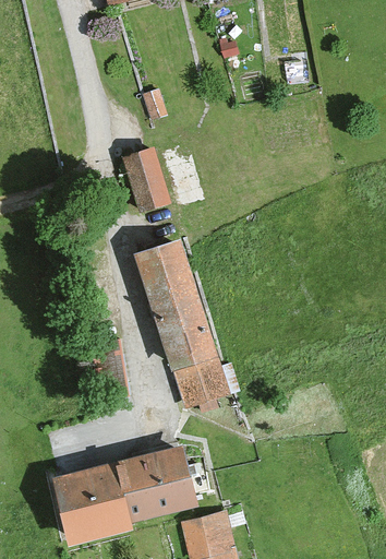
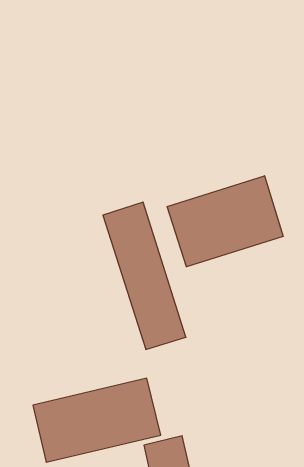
building: [122,148,170,213] -> none
building: none -> [167,176,283,267]

